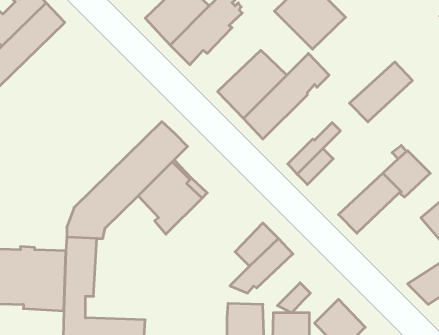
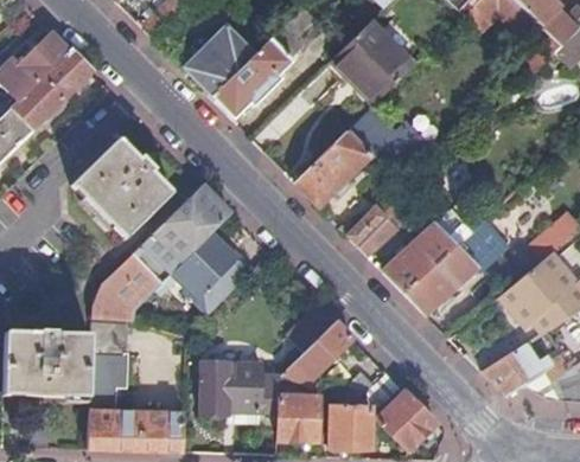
building: [349,62,412,122] -> [383,224,455,293]
building: none -> [71,139,171,238]
building: none -> [202,360,278,413]

